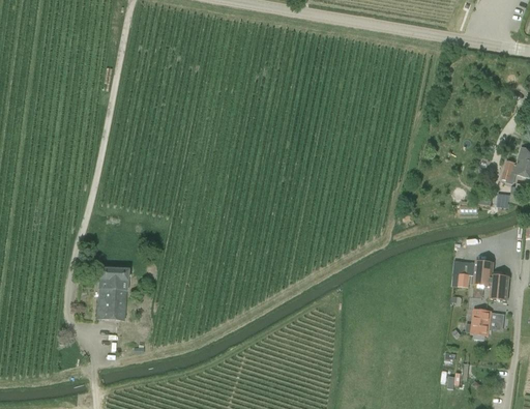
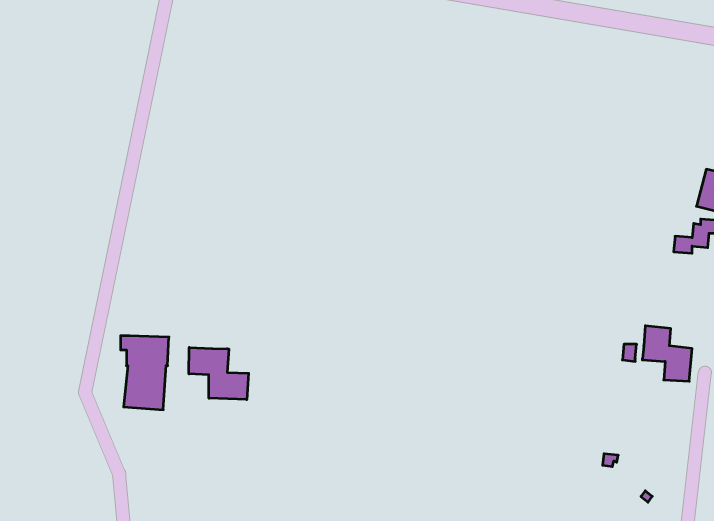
building: none -> [189,347,249,400]
building: [470,309,491,340] -> none

